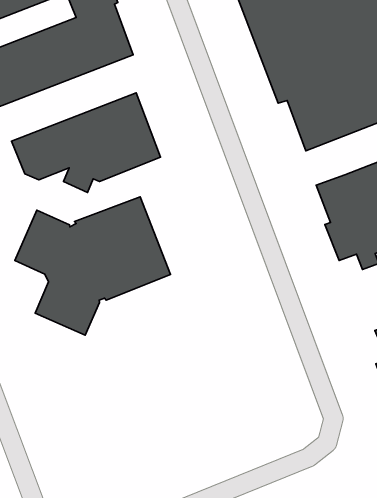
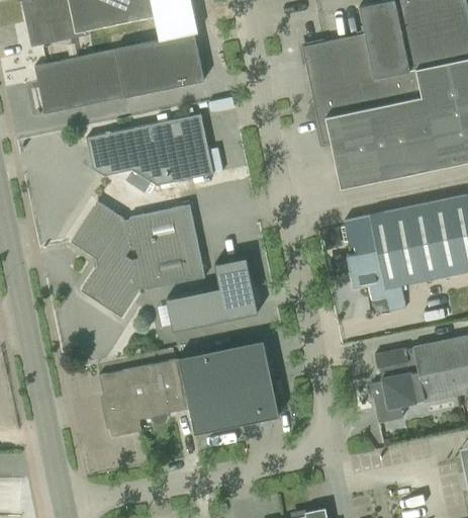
building: none -> [166,259,258,332]
building: none -> [98,339,279,436]

